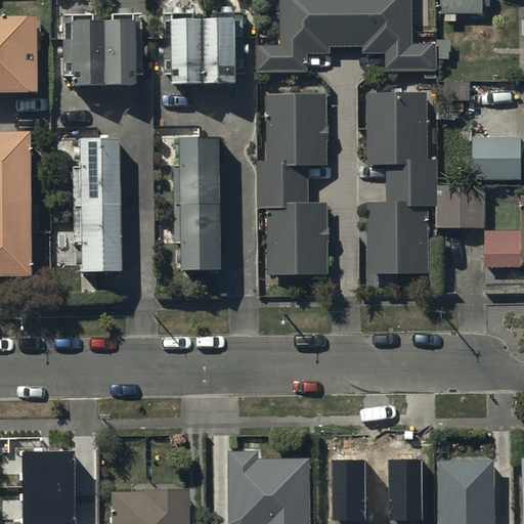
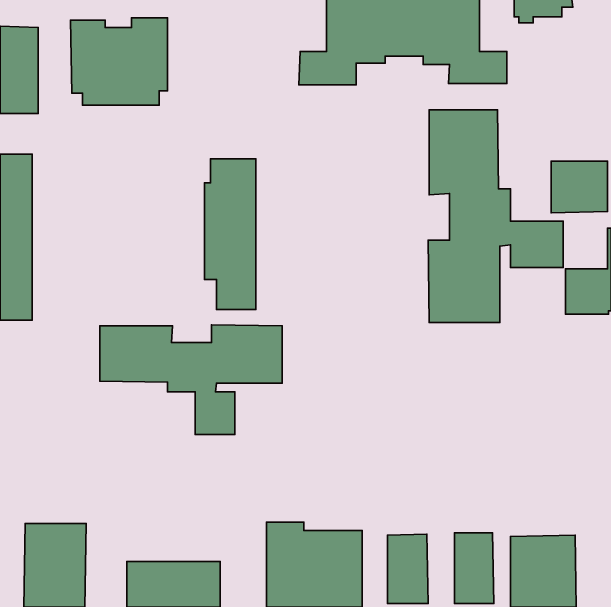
building: [165,25,248,89] -> none
building: [257,95,329,275] -> none
building: [70,138,117,270] -> none
building: none -> [100,325,282,435]

